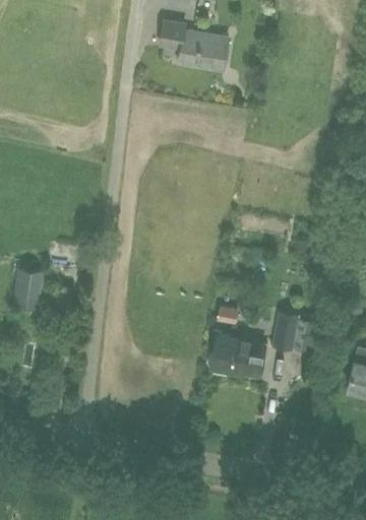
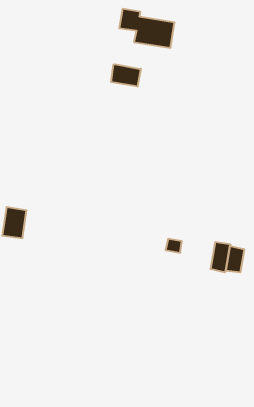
building: none -> [111,64,141,87]
building: [209,336,264,376] -> none

